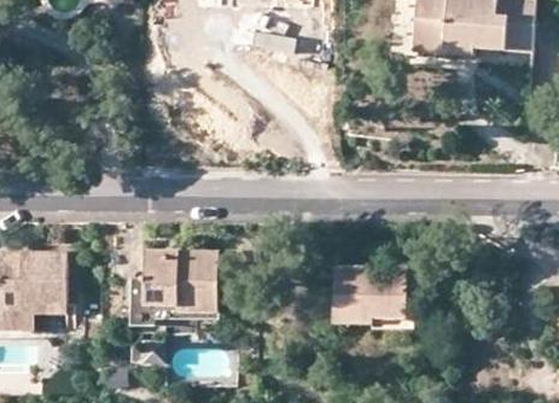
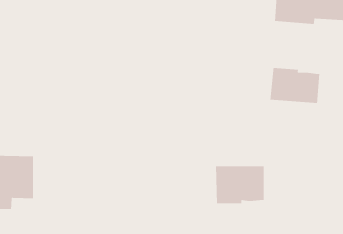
building: none -> [270,67,320,104]
building: [145,255,219,316] -> none

